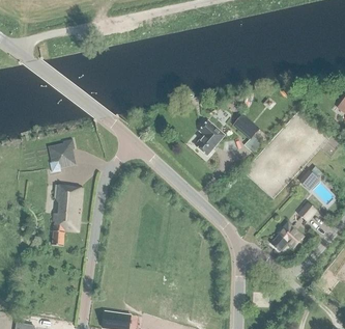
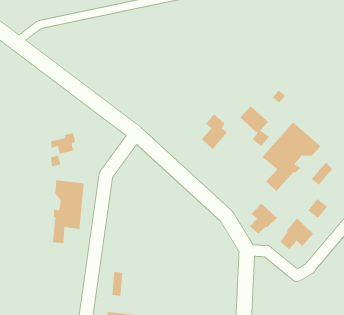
building: none -> [261,122,321,192]
building: none -> [249,203,278,235]

